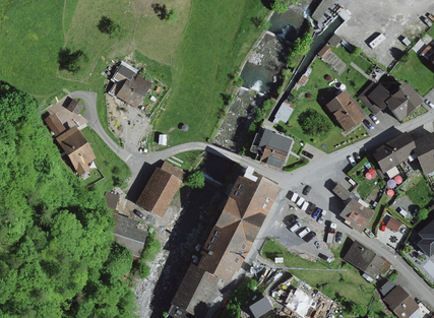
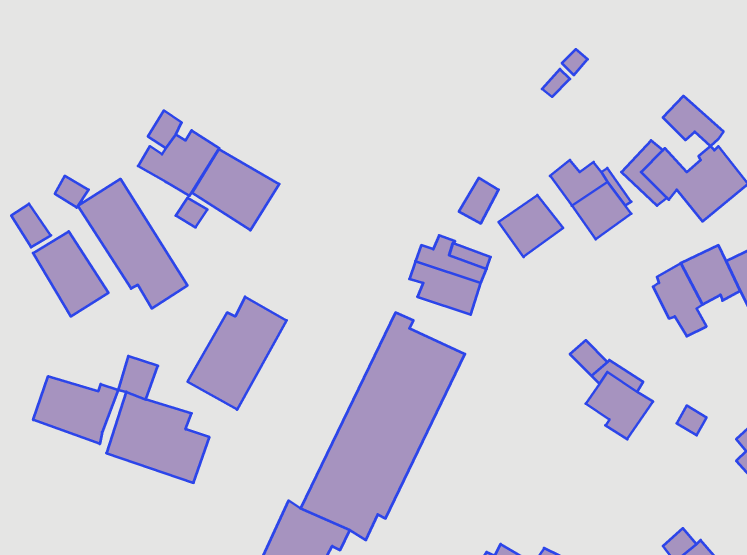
building: none -> [663,96,723,146]
building: none -> [192,149,279,230]
building: none -> [78,179,187,308]
building: none -> [499,195,563,257]
building: none -> [33,376,118,444]
building: [345,241,390,278] -> none

